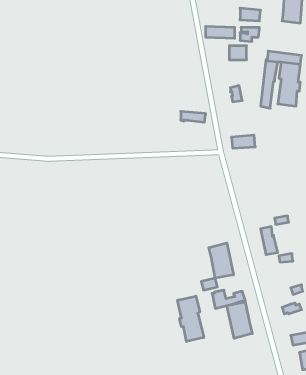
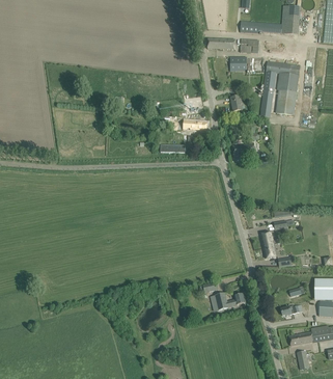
building: [209,243,233,278] -> none
building: [178,296,204,342] -> none
building: [227,302,252,338] -> none

